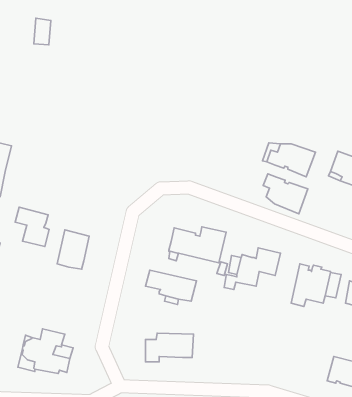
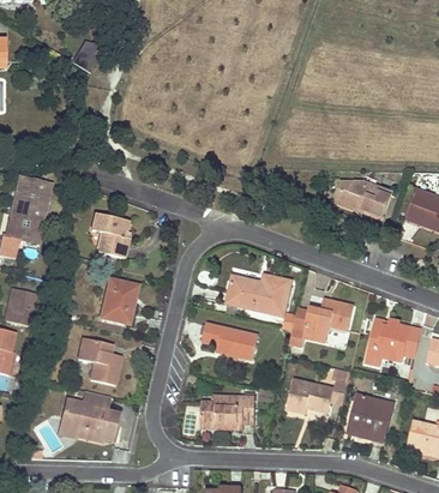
building: [263,174,308,214] -> none
building: [15,207,49,247] -> [90,212,128,257]
building: none -> [77,337,120,384]
building: none -> [285,367,350,413]
building: none -> [348,393,392,440]

